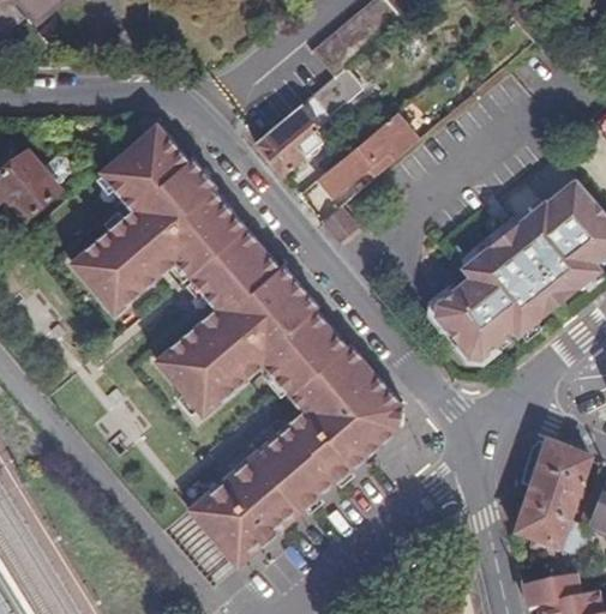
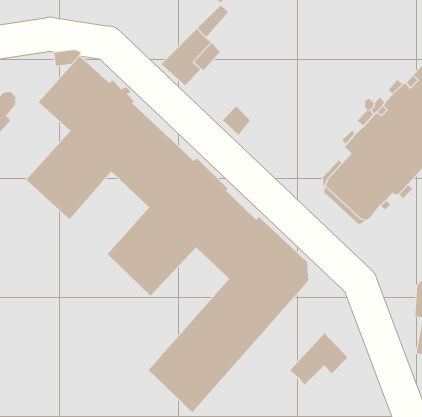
building: [316,112,414,198] -> none
building: none -> [289,333,348,385]

